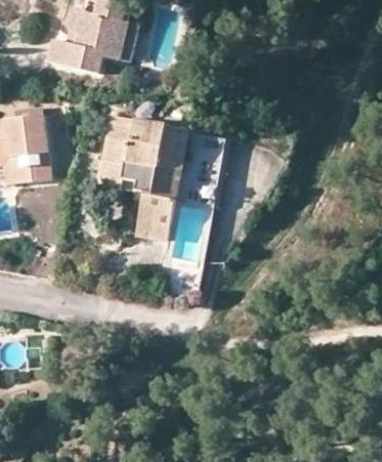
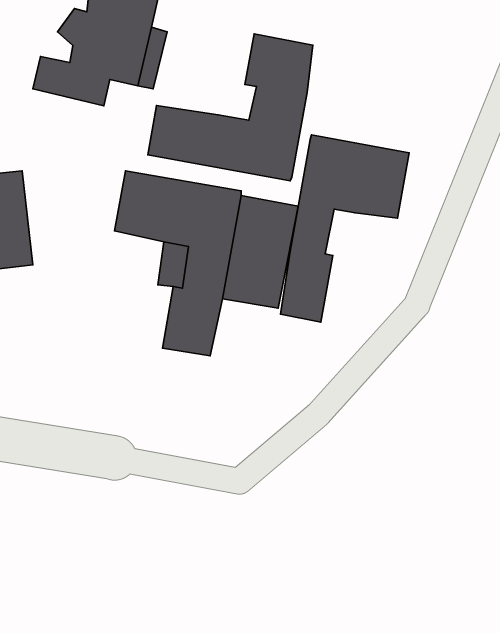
building: none -> [148,34,313,181]
building: none -> [281,135,409,322]

